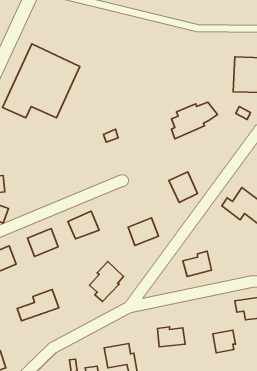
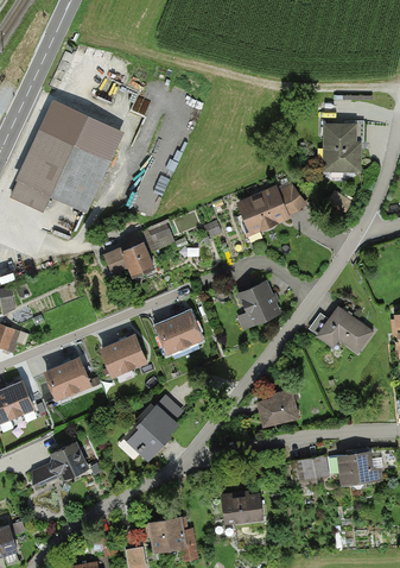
building: none -> [104,233,153,276]
building: [128,218,159,246] -> [158,314,199,352]
building: [213,330,235,353] -> [292,456,323,487]

